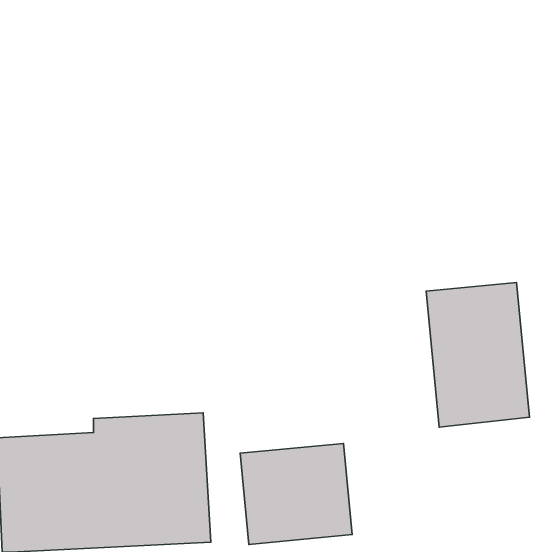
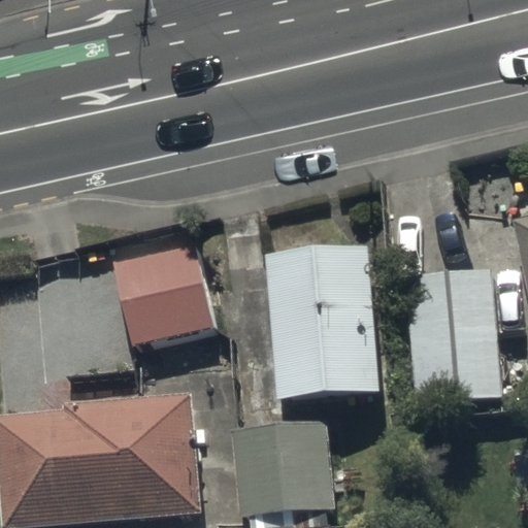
building: none -> [113,244,214,344]
building: none -> [264,245,380,398]

